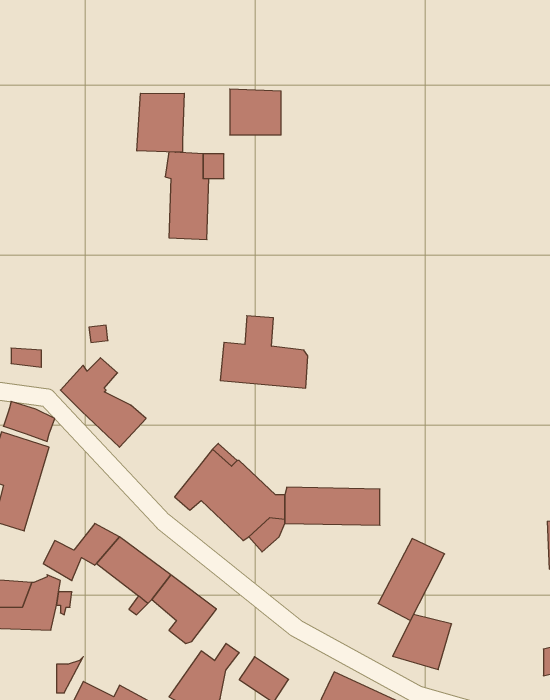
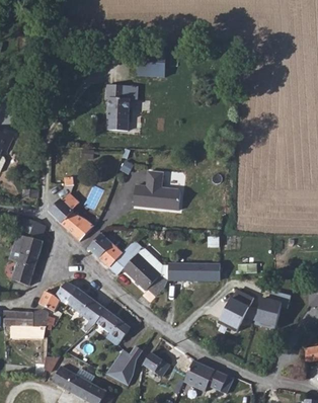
building: [137,93,184,152] -> none
building: none -> [88,233,123,267]
building: [393,614,452,670] -> [250,298,282,327]

